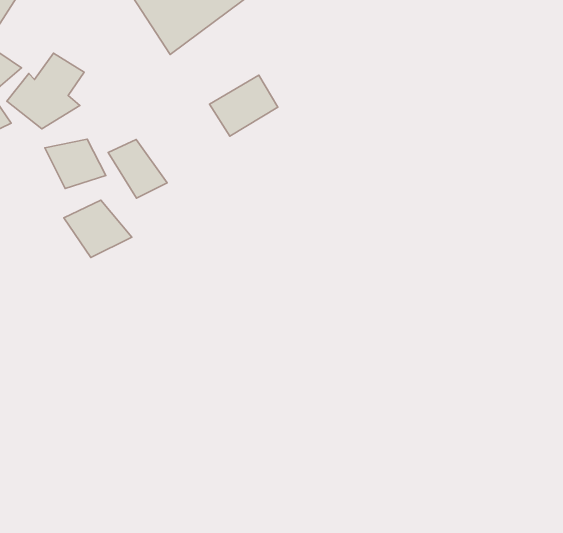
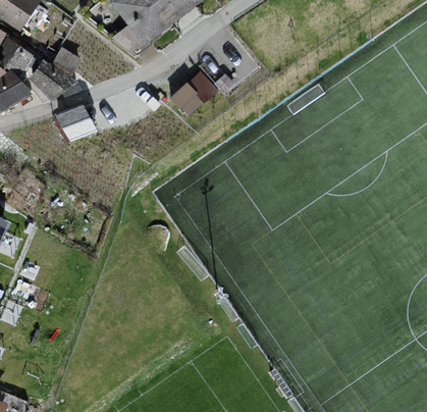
building: [108,139,167,198] -> none
building: [64,200,132,258] -> none

